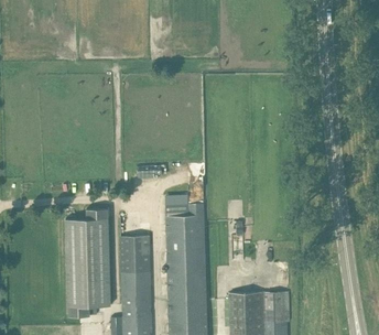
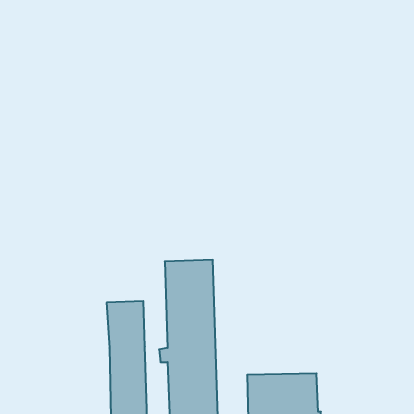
building: [65,209,111,316] -> none

